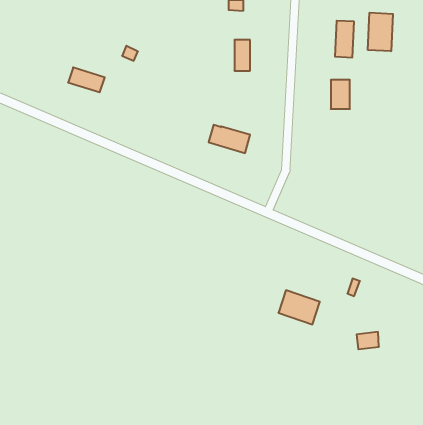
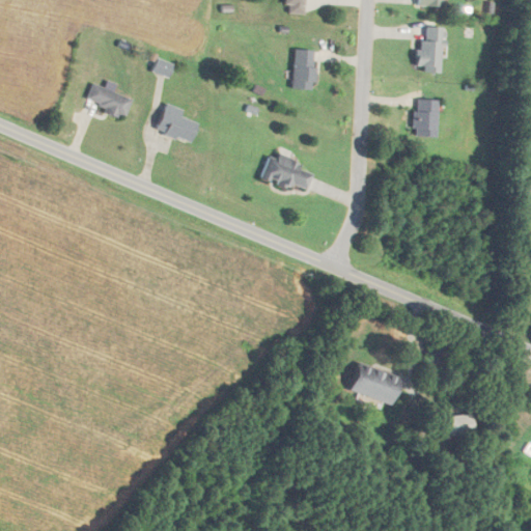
building: [368,13,393,51] -> none
building: none -> [157,103,198,142]

